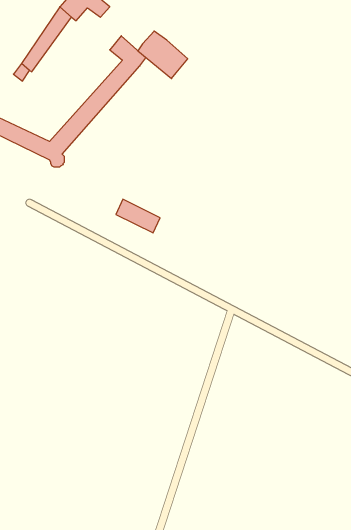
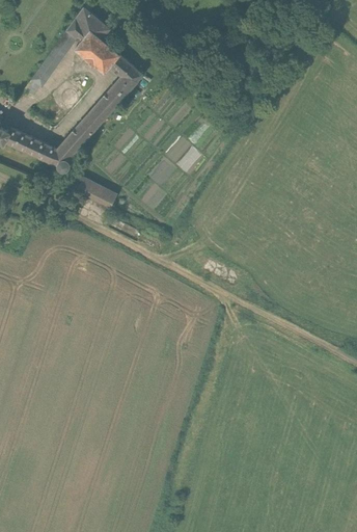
building: [138,31,188,79] -> [76,30,120,73]
building: [116,199,160,233] -> [74,179,113,209]

